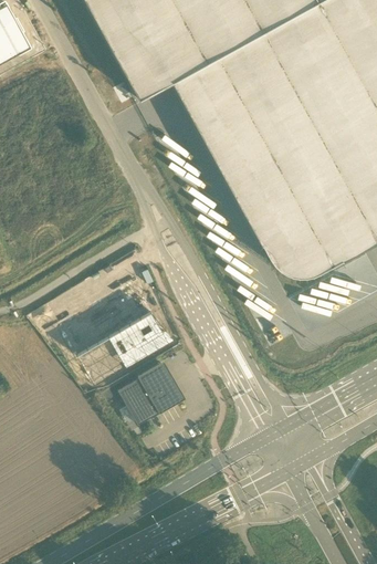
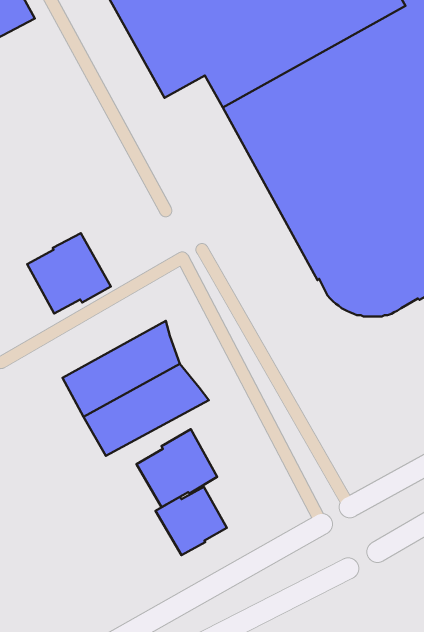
building: none -> [27,233,111,314]
building: none -> [156,487,227,555]

